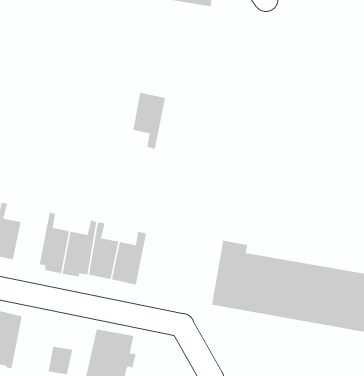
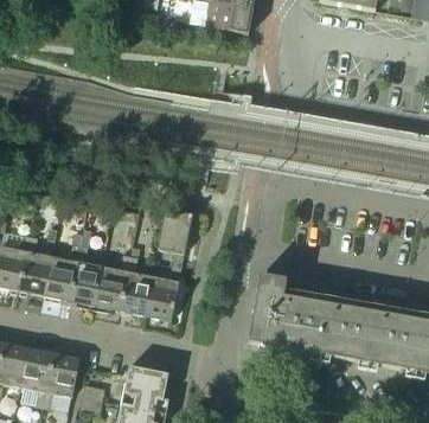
building: [133,92,166,150] -> [159,207,193,267]
building: none -> [45,243,82,299]
building: none -> [44,352,81,408]

